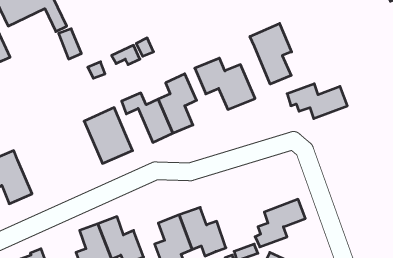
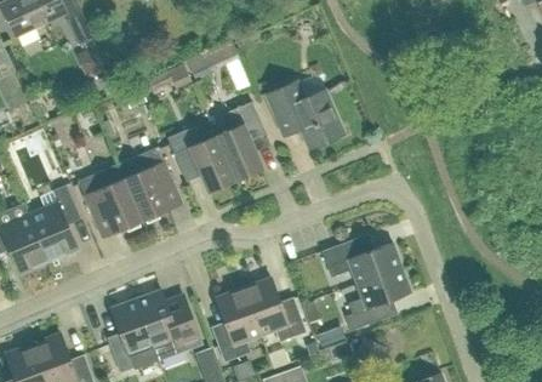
building: [250,23,292,84] -> none
building: [287,84,347,119] -> [321,238,401,284]
building: none -> [78,164,142,236]
building: none -> [29,184,80,260]

